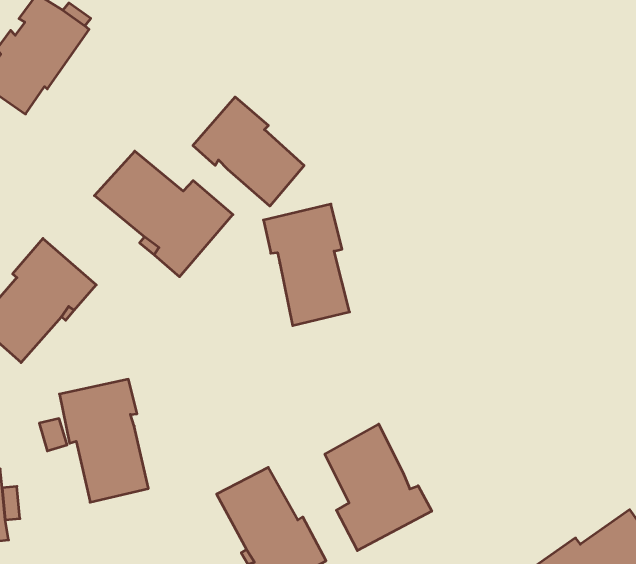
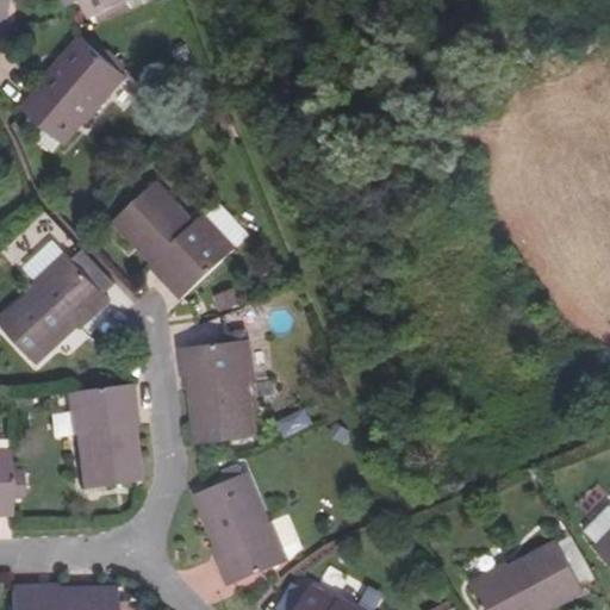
building: [193,97,304,206] -> none
building: [263,204,350,326] -> [183,340,251,443]
building: [325,424,432,551] -> none

